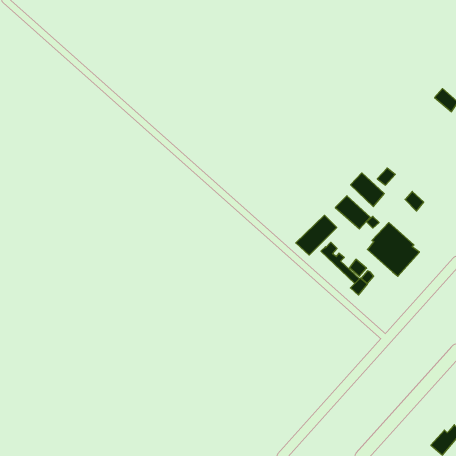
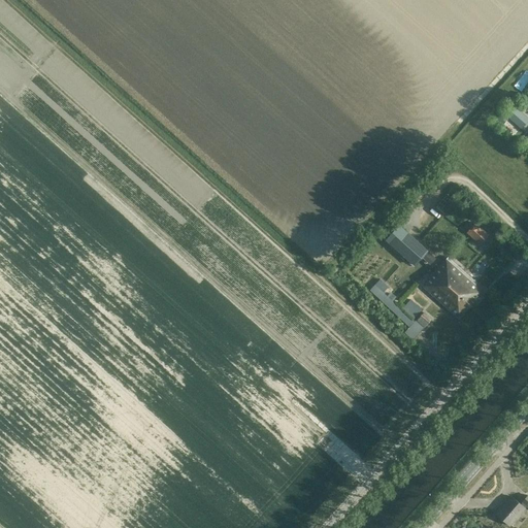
building: [351,173,384,207] -> none
building: [296,215,337,255] -> none

